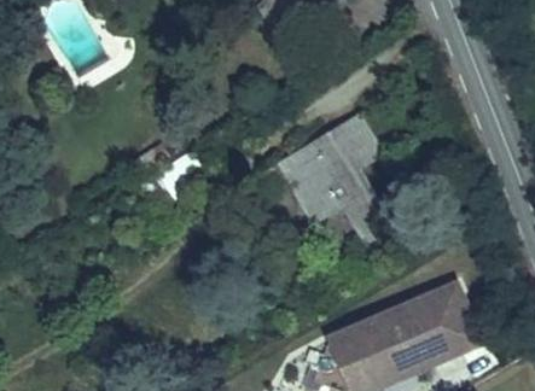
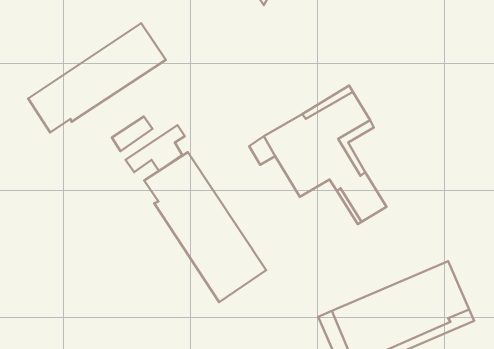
building: none -> [28,23,166,132]
building: none -> [144,152,266,302]

